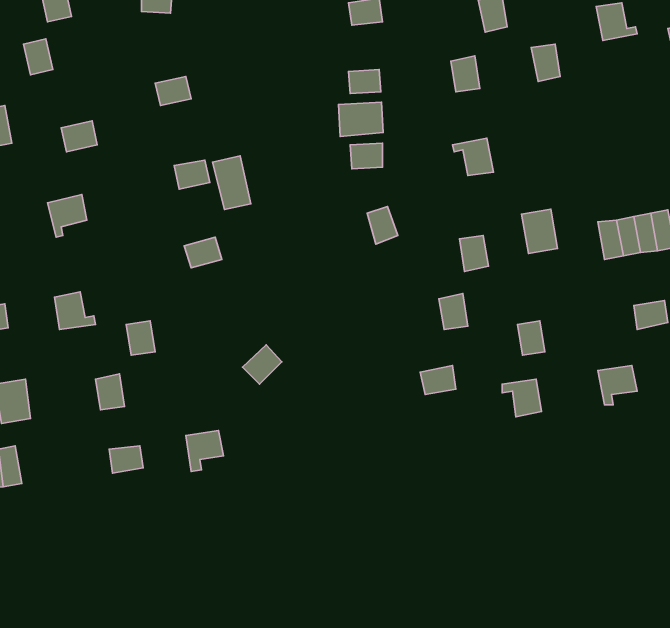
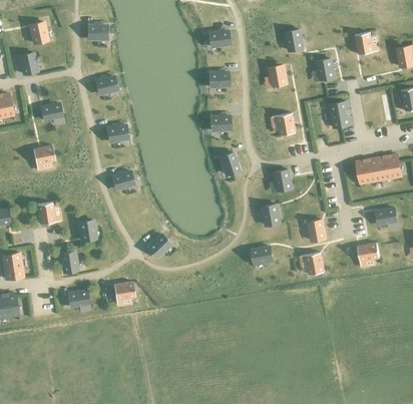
building: [338,102,383,136] -> none
building: [212,156,251,210] -> none
building: [522,209,558,254] -> [329,101,350,127]

